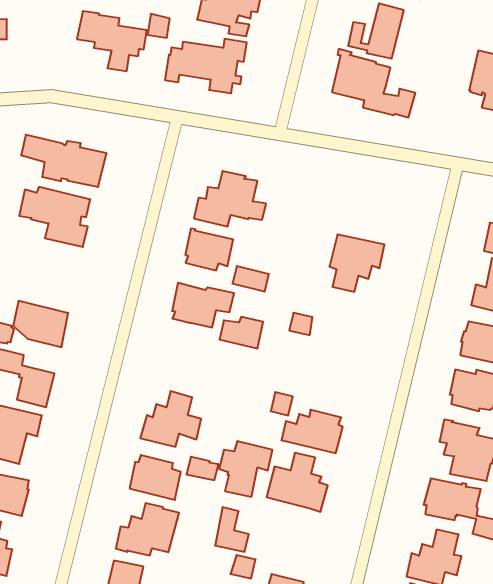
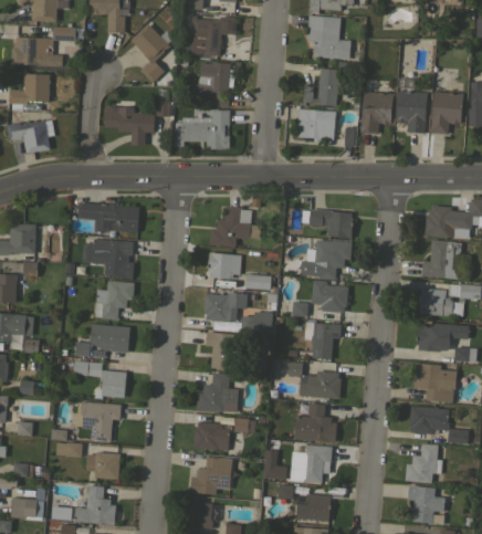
building: none -> [360,91,394,134]
building: none -> [310,209,353,238]
building: none -> [94,281,134,321]
building: none -> [311,280,348,313]
building: none -> [206,332,244,370]
building: none -> [304,322,342,360]
building: [219,441,272,497] -> [295,444,332,483]

